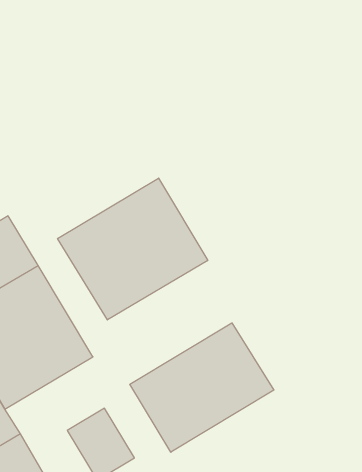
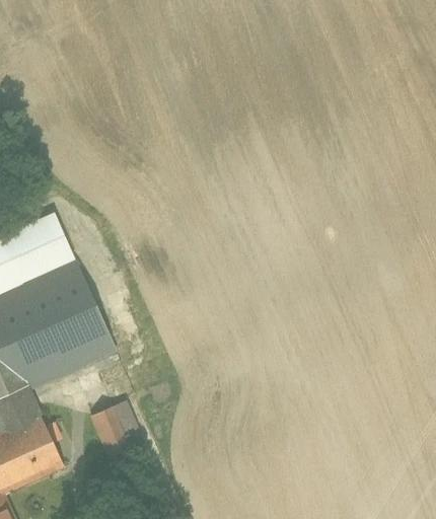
building: [58,178,208,320] -> none
building: [130,323,274,452] -> none

